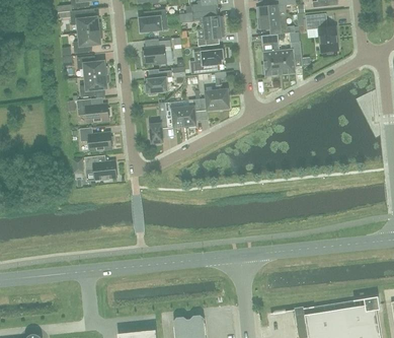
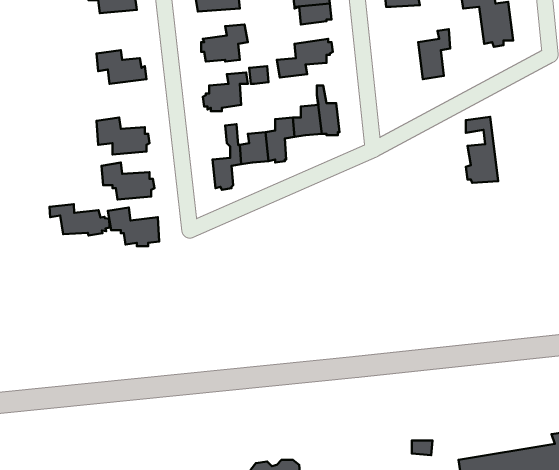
building: [73,30,102,53] -> none
building: [261,33,282,75] -> [466,117,498,183]
building: [79,74,108,97] -> none
building: none -> [49,204,109,236]

